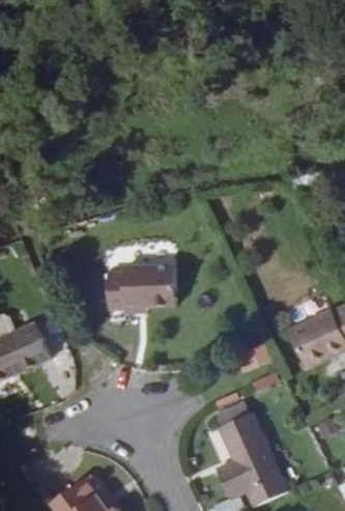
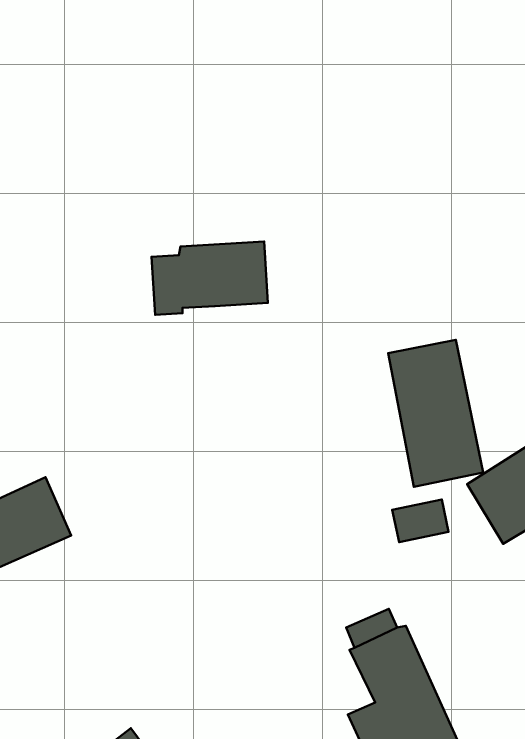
building: none -> [388,340,483,487]
building: [107,263,177,308] -> [152,241,268,315]

